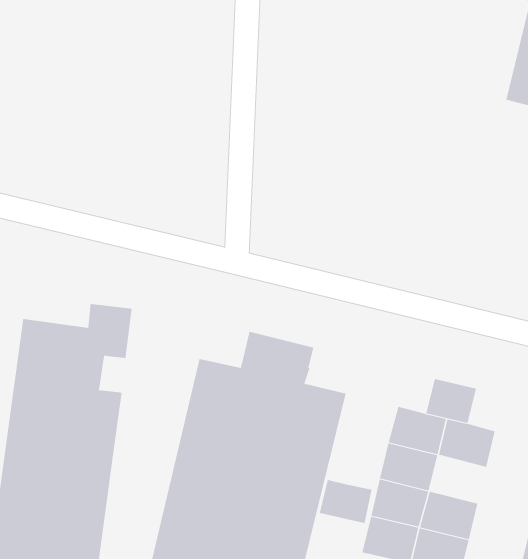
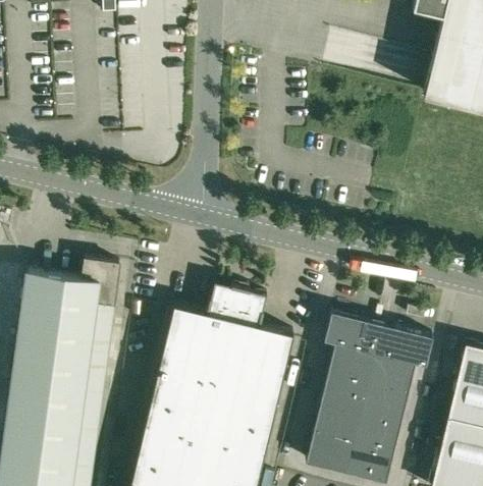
building: none -> [324,314,365,352]
building: none -> [392,331,433,368]
building: none -> [361,385,408,425]
building: [319,479,372,524] -> none

